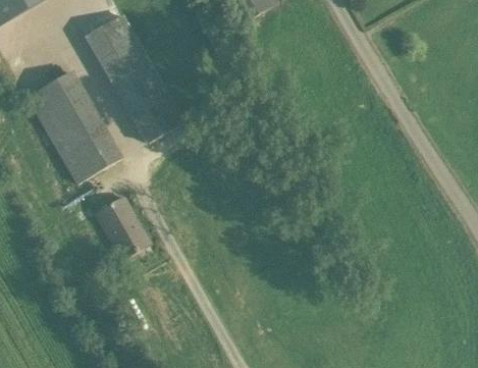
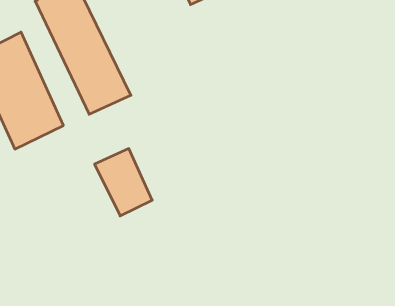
building: [92,193,152,260] -> [95,149,152,216]

